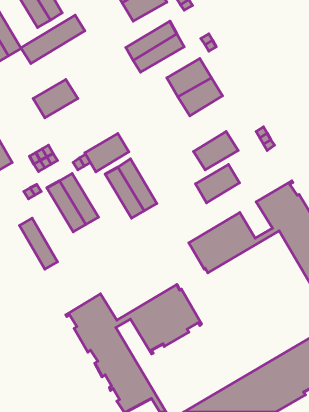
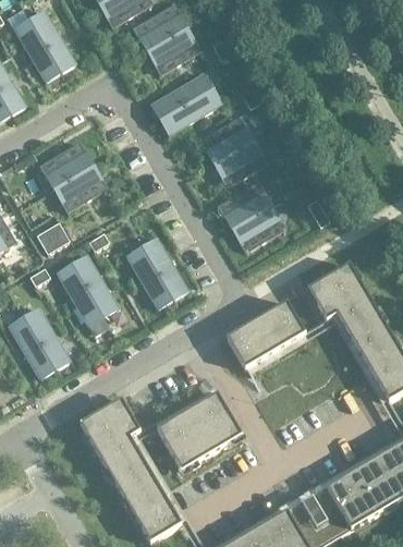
building: [21,15,85,63] -> none
building: [85,134,129,172] -> [54,167,107,212]
building: [196,165,239,203] -> [219,184,271,230]
building: none -> [9,318,54,379]

